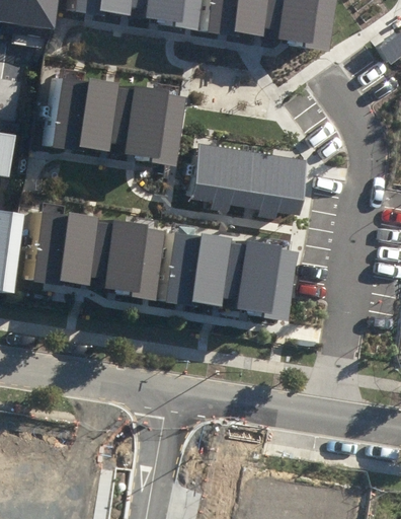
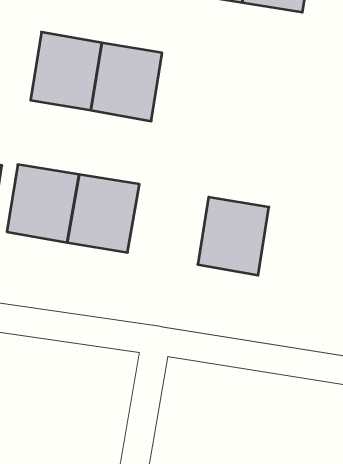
building: [194,143,312,215] -> none
building: [159,230,232,310] -> none

